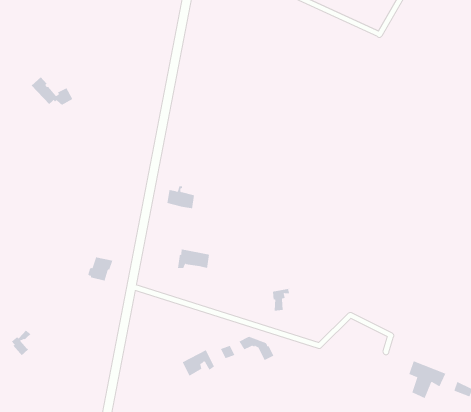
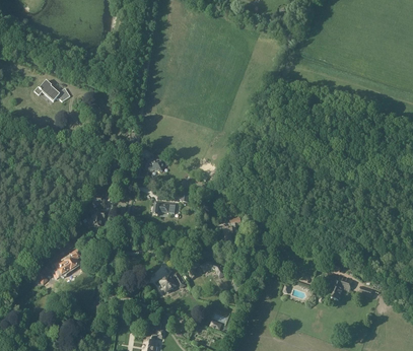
building: none -> [54,250,81,279]

